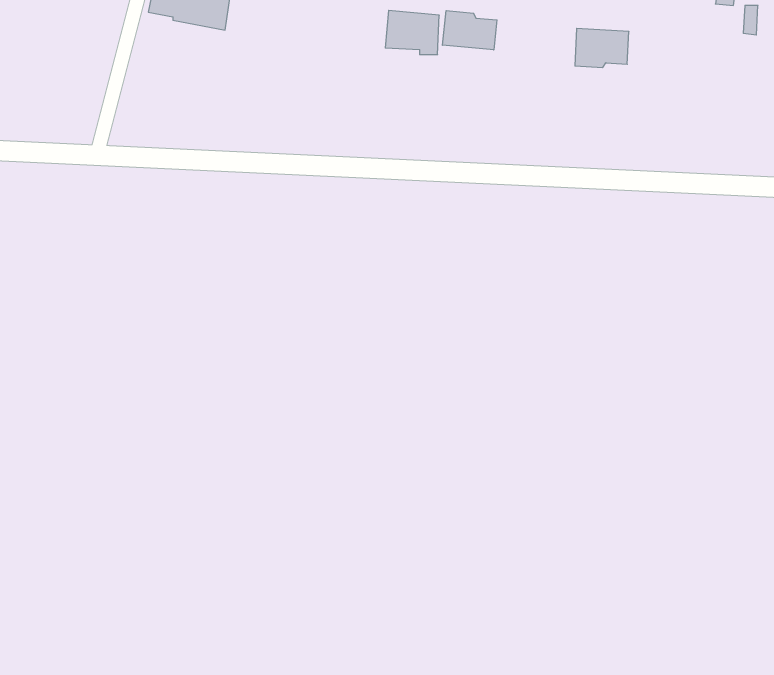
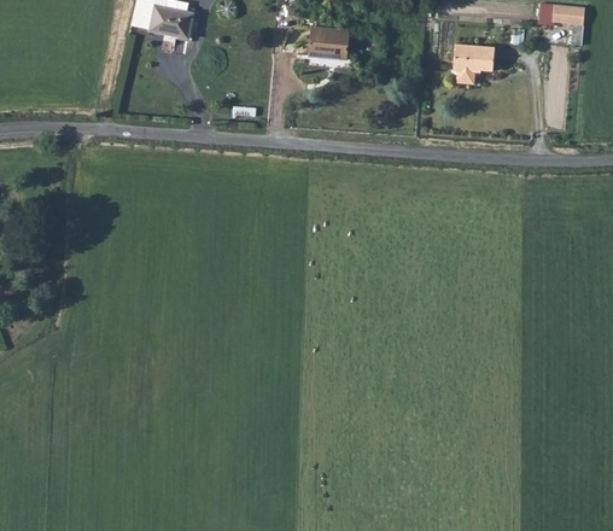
building: [442,11,497,50] -> none

